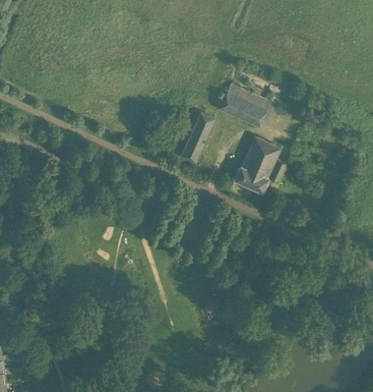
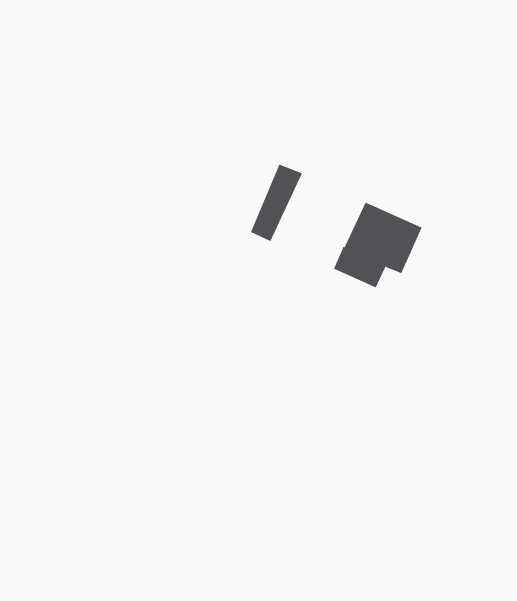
building: [219,83,269,126] -> none

